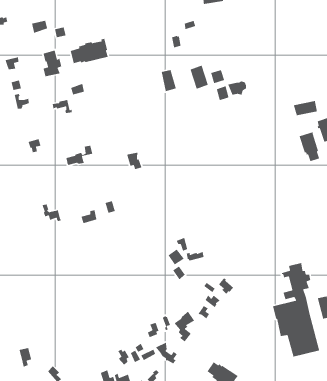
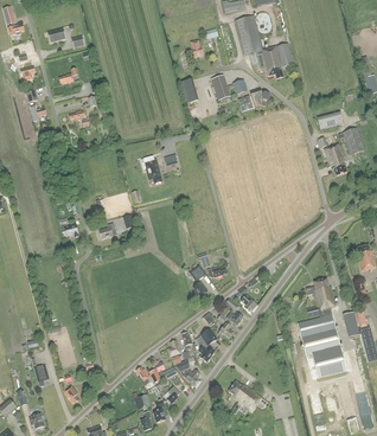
building: none -> [236,14,294,78]
building: [70,38,109,64] -> none

